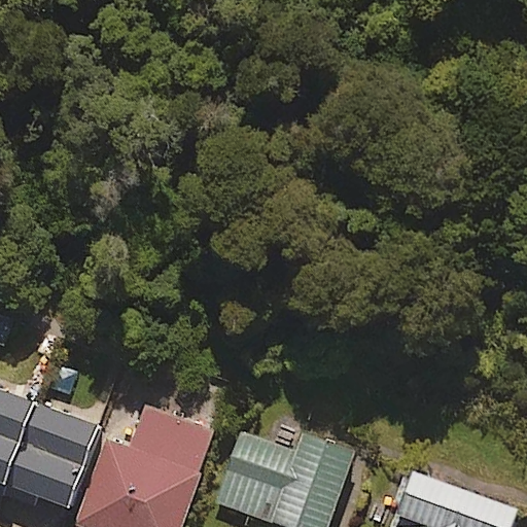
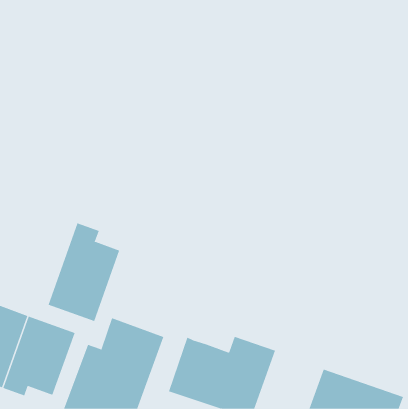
building: none -> [48,223,120,322]

